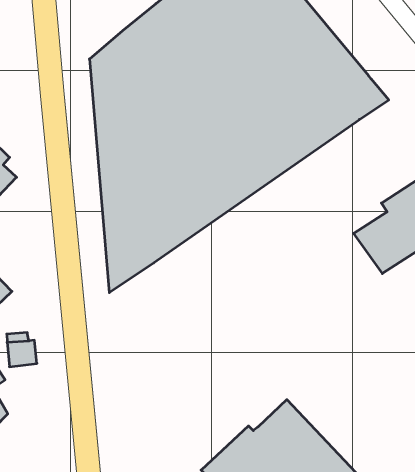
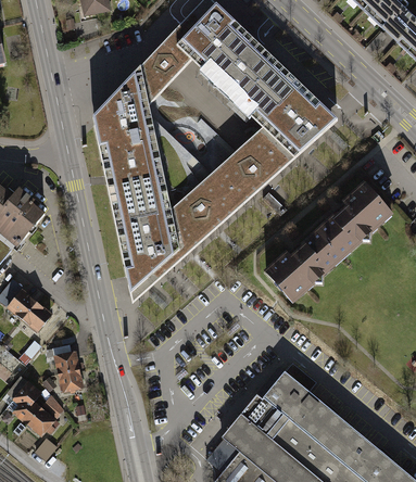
building: none -> [268,230,348,304]
building: none -> [58,366,84,389]

